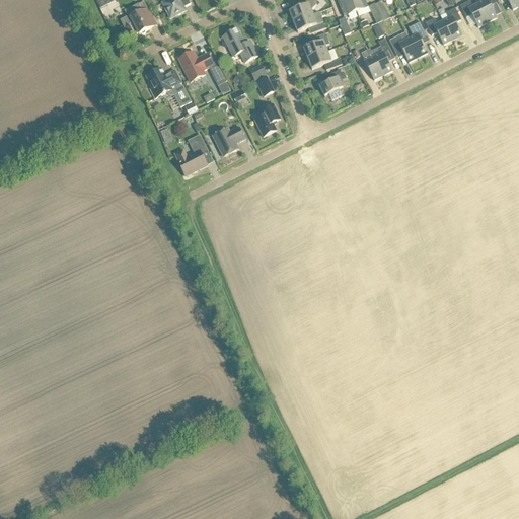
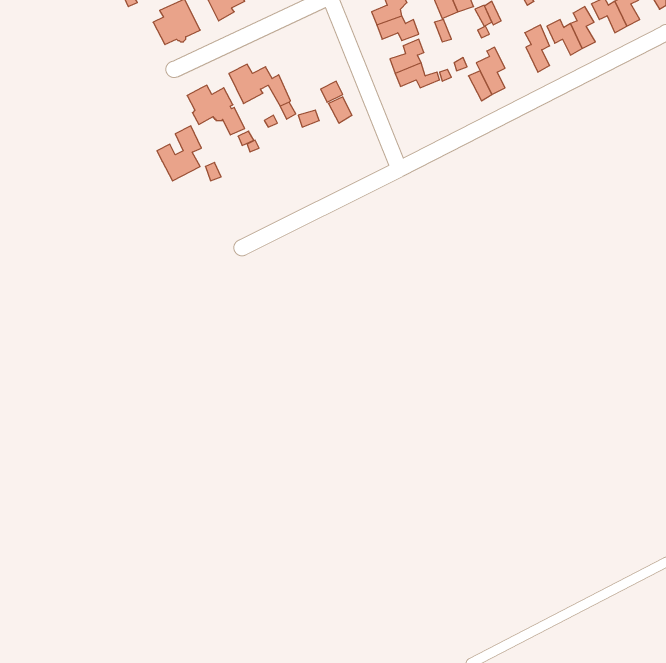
building: [223,27,256,61] -> none
building: [388,29,417,61] -> none
building: [318,67,346,98] -> none
building: [253,102,279,135] -> none
building: [212,125,244,155] -> none
building: [172,132,207,174] -> [157,126,201,181]

